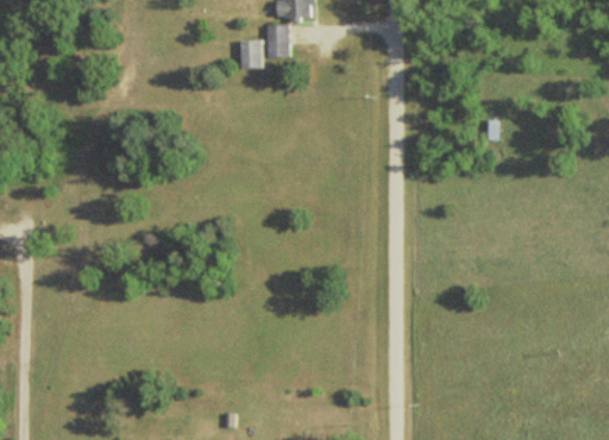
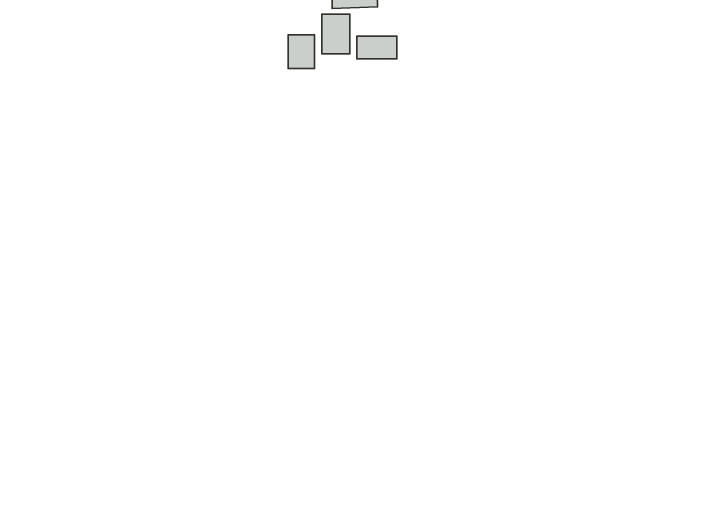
building: none -> [357,36,397,59]

